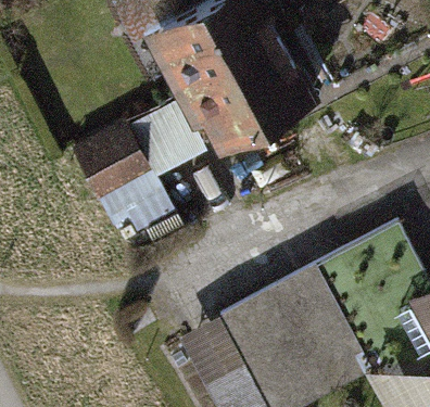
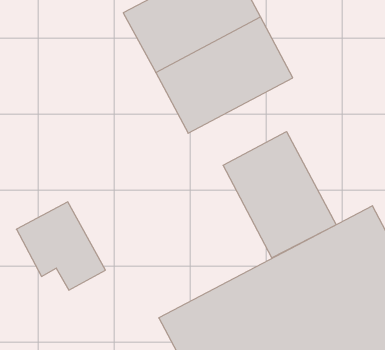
building: [74,122,166,213] -> [16,202,105,290]
building: none -> [223,132,336,258]

